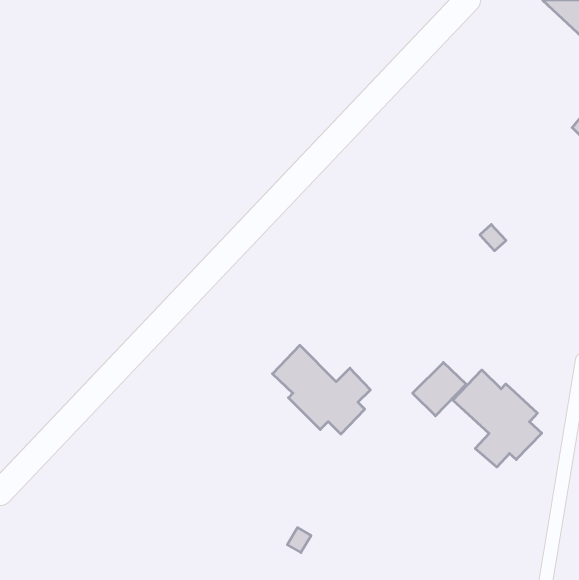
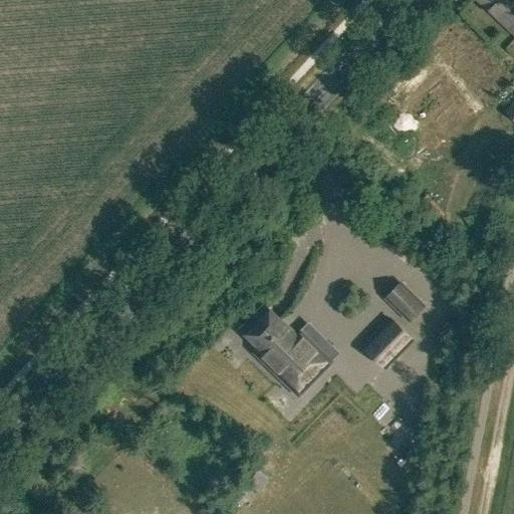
building: none -> [389,285,426,322]
building: [453,370,542,467] -> none

